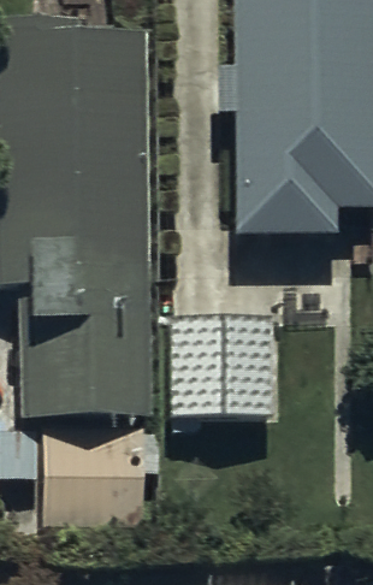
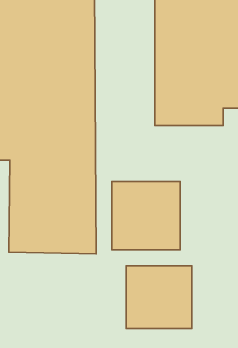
building: [41,431,141,526] -> none
building: none -> [126,266,192,329]

